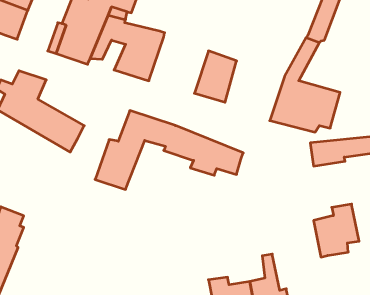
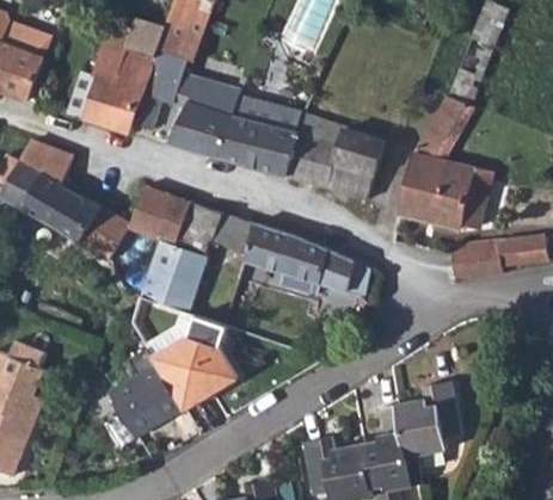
building: none -> [219,94,305,175]
building: none -> [328,129,385,199]
building: none -> [125,181,191,245]
building: none -> [109,319,238,439]
building: [314,204,359,257] -> [397,383,462,459]

